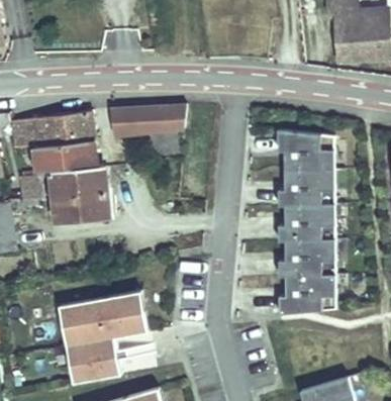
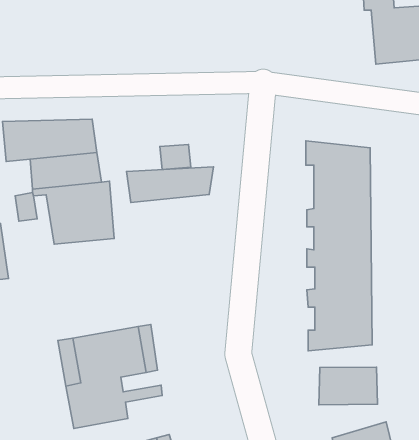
building: [109,105,186,136] -> [126,167,214,202]
building: none -> [319,367,377,405]

